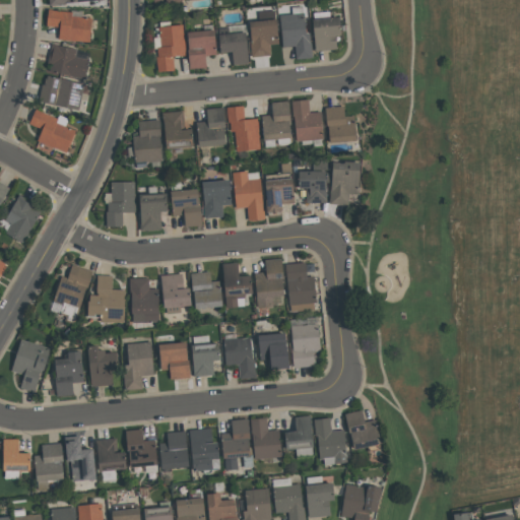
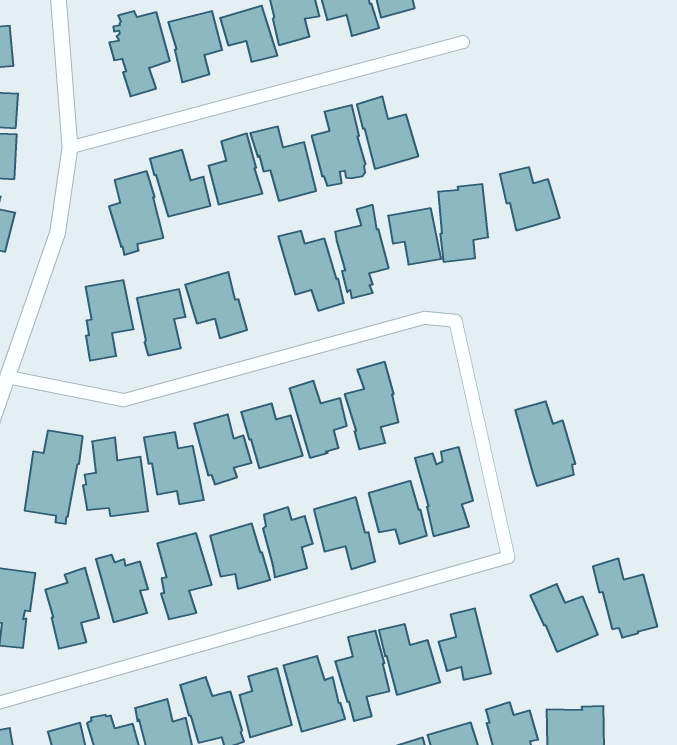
building: [326,106,358,142] -> [500,167,560,230]
building: [203,180,232,218] -> none
building: [286,262,317,312] -> [515,401,575,486]
building: [315,417,347,465] -> [593,559,657,638]

